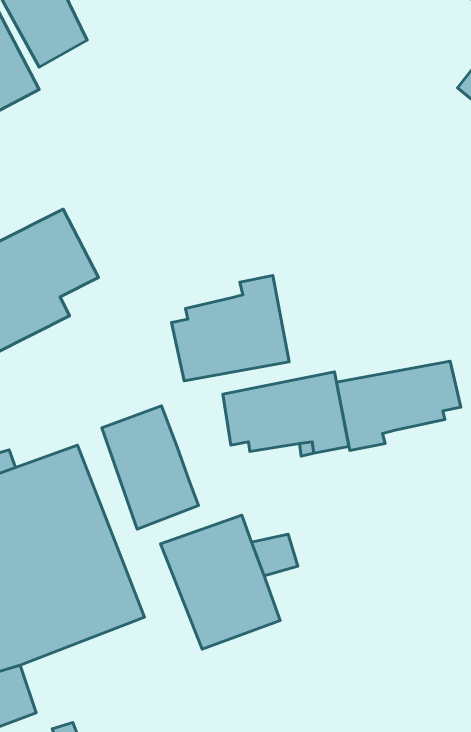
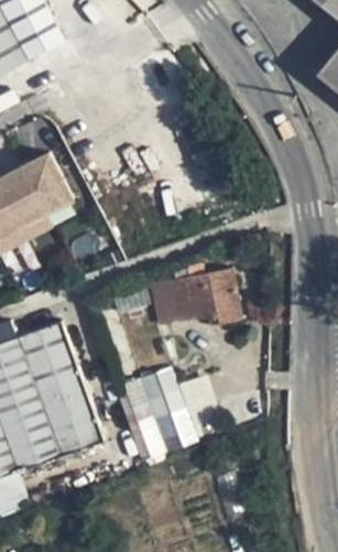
building: [171,275,289,381] -> none
building: [337,361,461,451] -> none
building: [102,406,199,529] -> none

